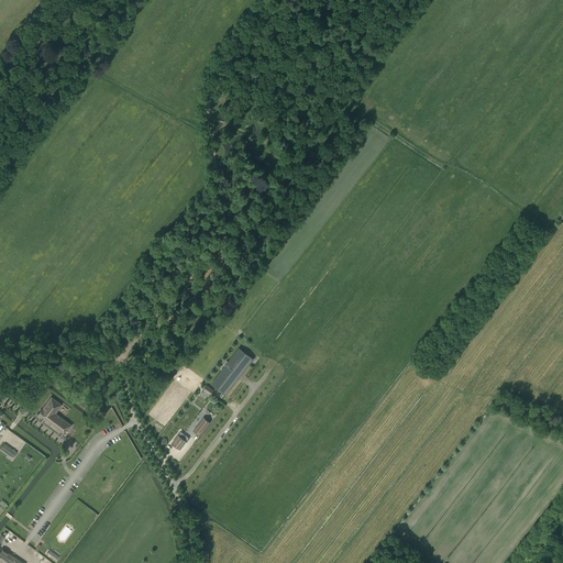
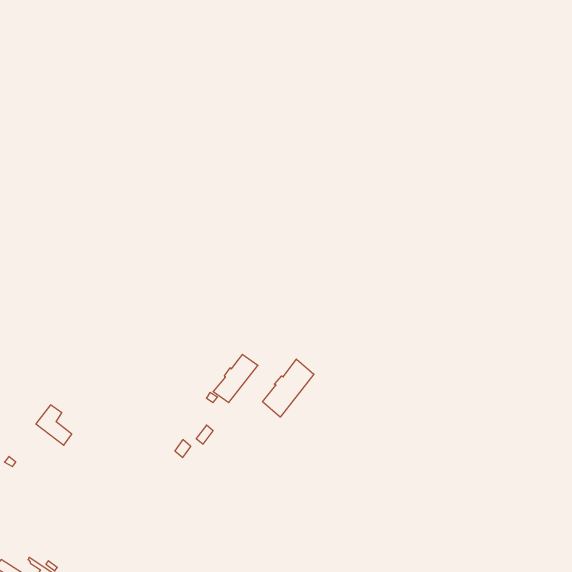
building: none -> [263,359,314,417]

